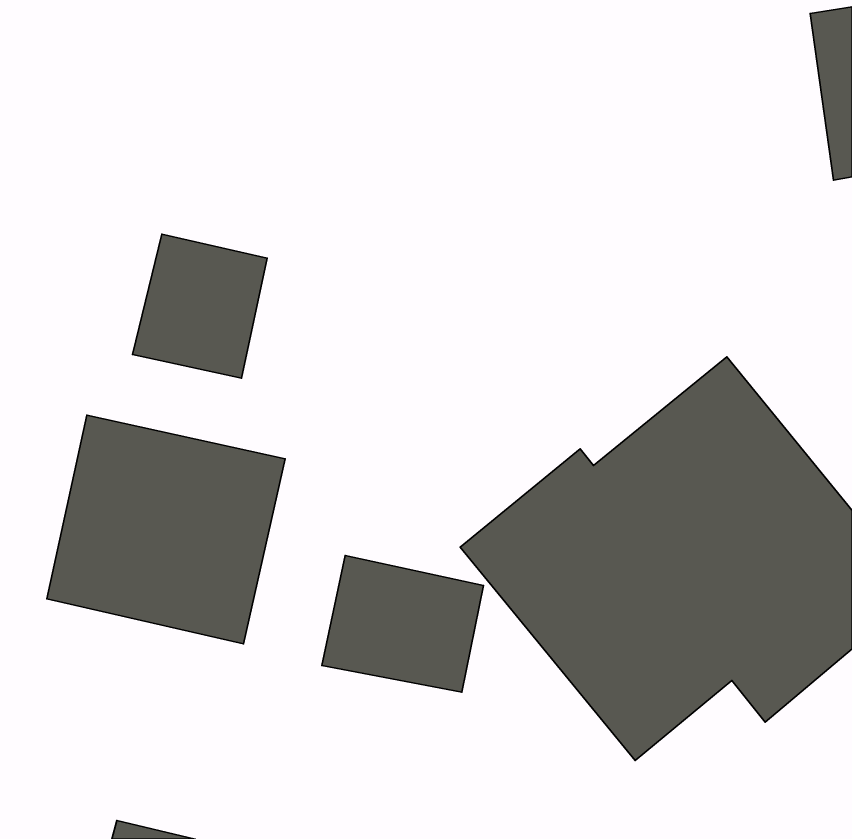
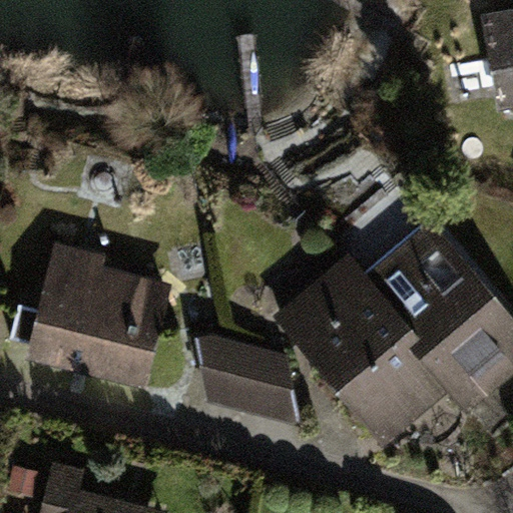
building: [132,234,267,378] -> none

